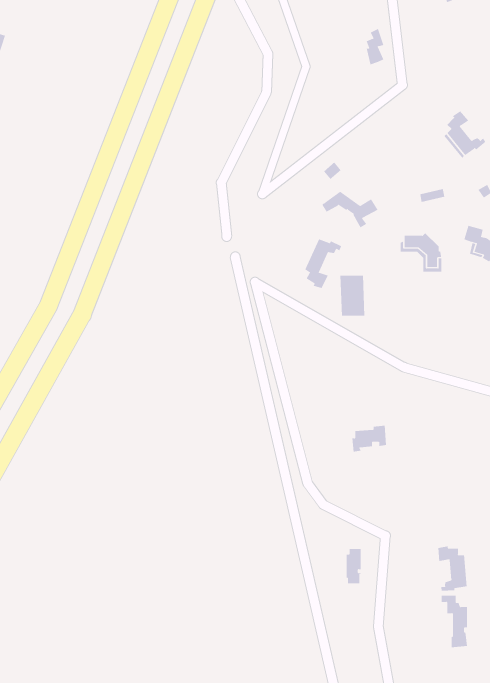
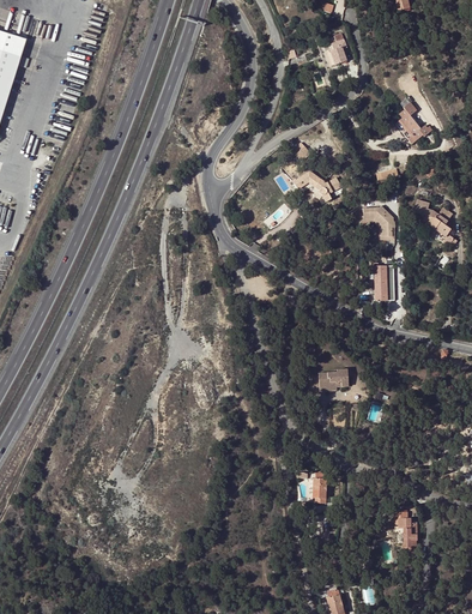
building: [305,239,342,289] -> none
building: [340,275,365,316] -> [374,265,395,300]
building: [438,546,467,592] -> none

